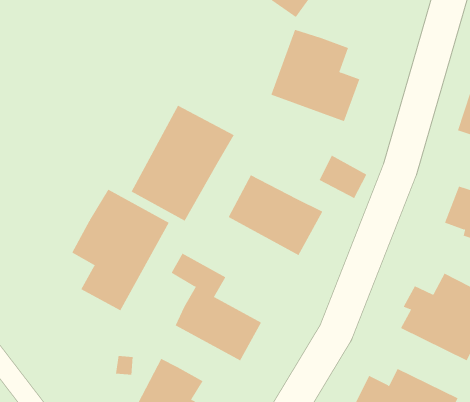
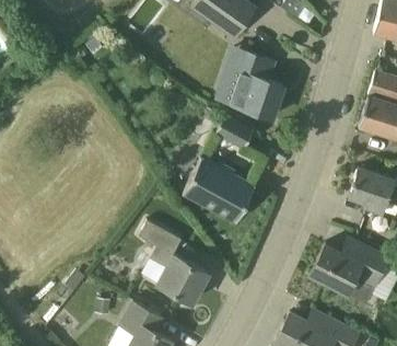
building: [131,105,235,222] -> none
building: [319,155,367,199] -> [215,115,253,149]
building: [72,189,170,311] -> none

